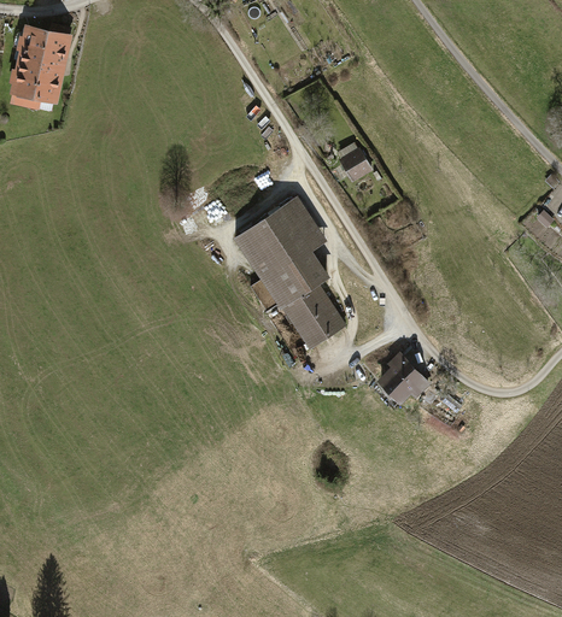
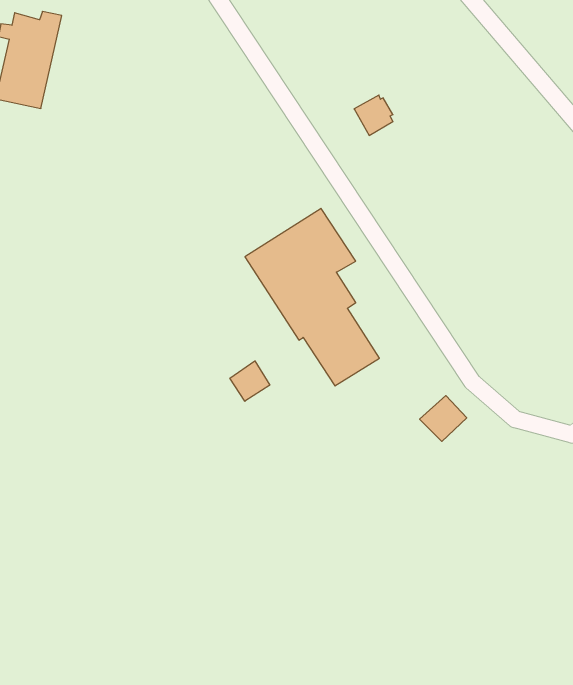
building: [338,147,371,182] -> [354,95,393,135]
building: none -> [230,361,270,401]

